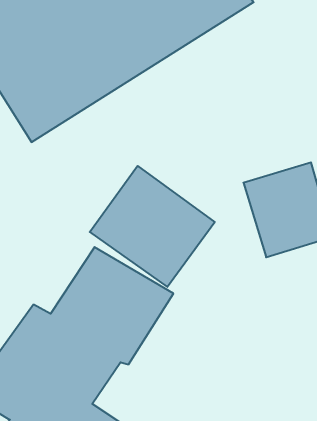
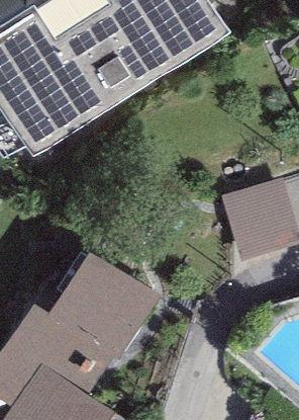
building: [90,166,215,287] -> none

